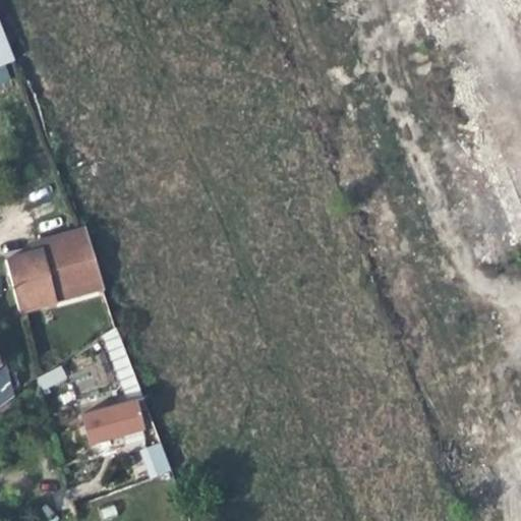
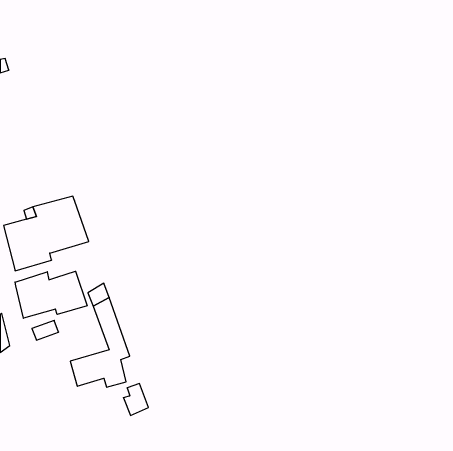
building: none -> [15,271,87,318]

